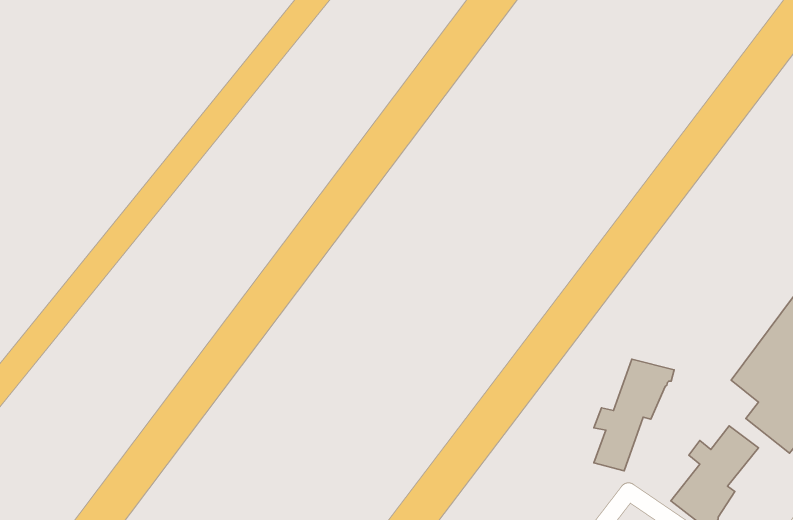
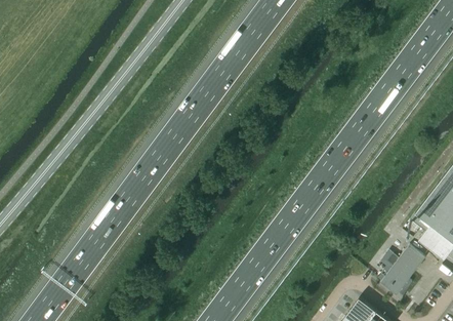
building: [594,359,674,471] -> none

